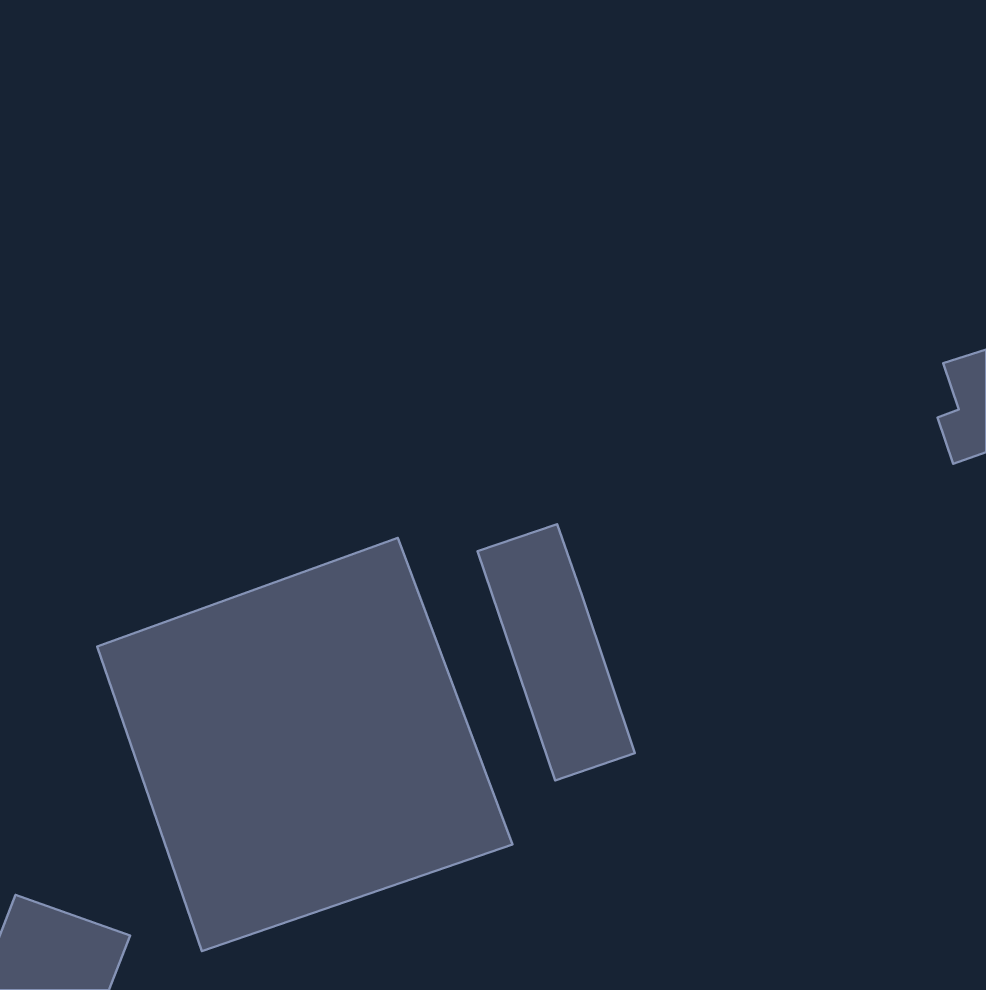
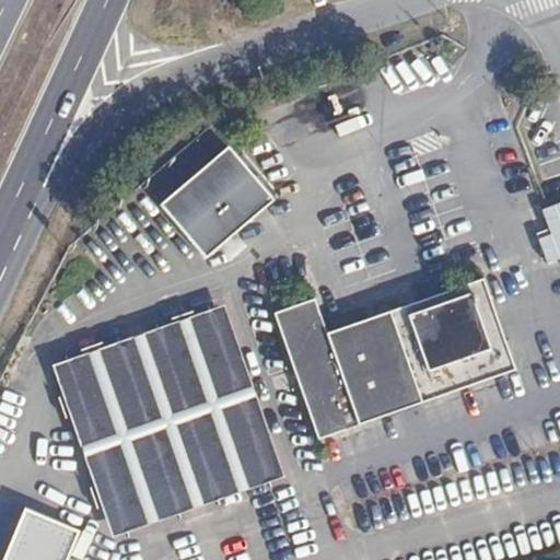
building: none -> [156,145,271,258]
building: none -> [328,281,515,424]

